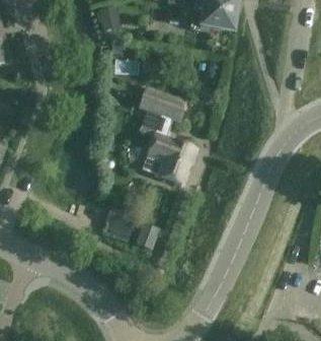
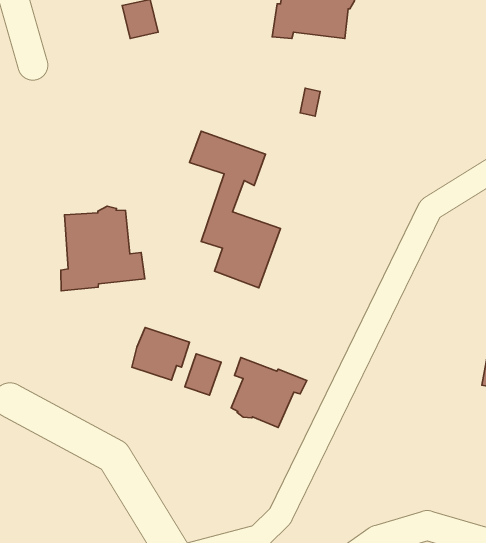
building: none -> [61,206,145,291]
building: none -> [231,357,307,428]

